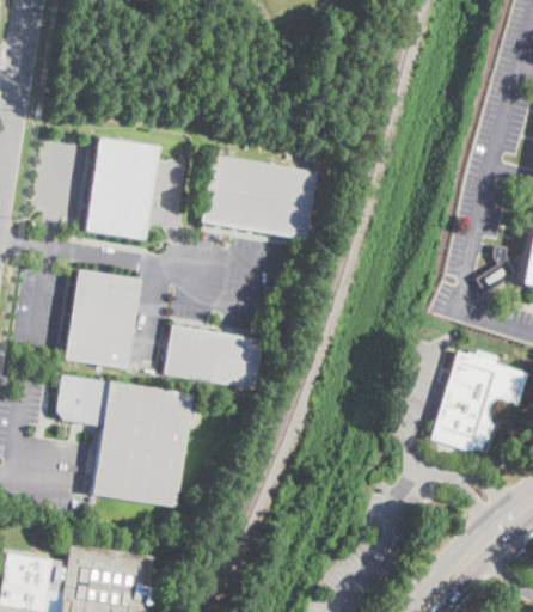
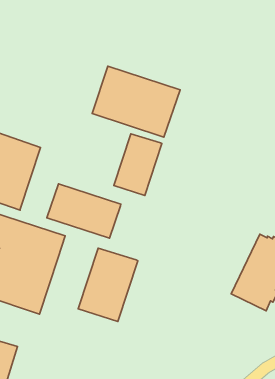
building: [86,136,158,234] -> none
building: none -> [114,134,162,195]
building: none -> [78,248,138,321]

